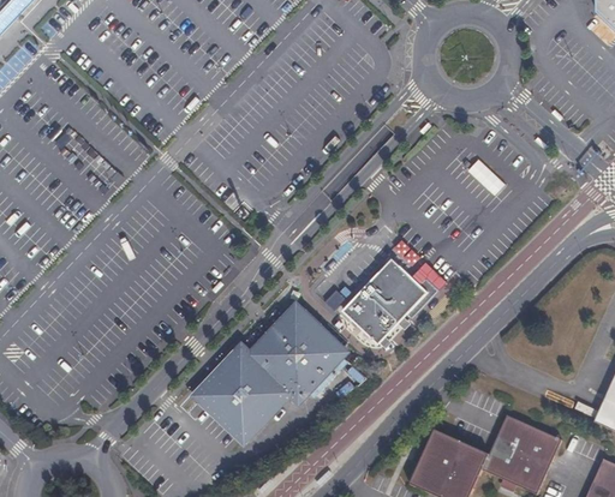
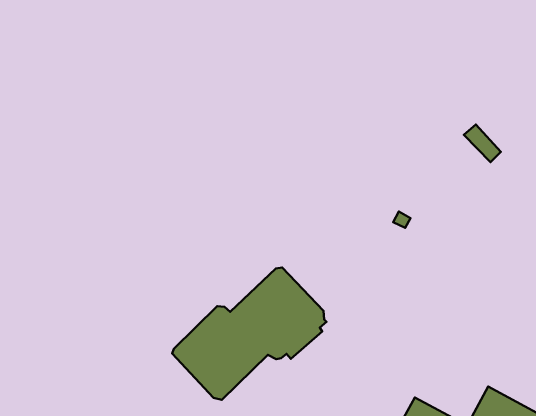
building: [340,256,437,346] -> none

